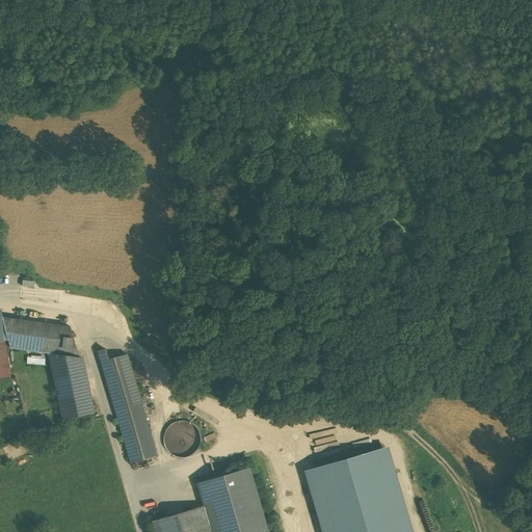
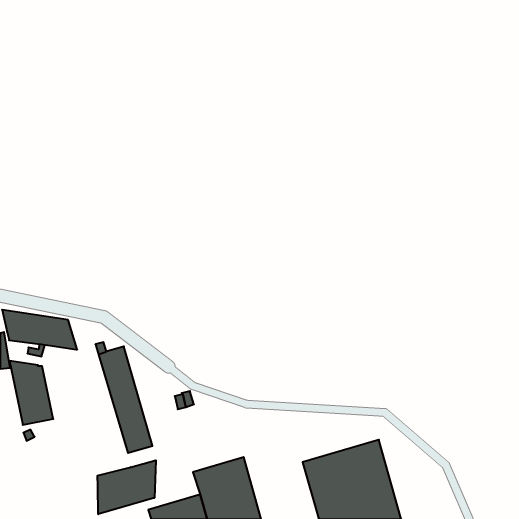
building: [49,353,94,419] -> [10,361,53,425]
building: [163,421,201,458] -> none
building: none -> [98,460,156,514]

